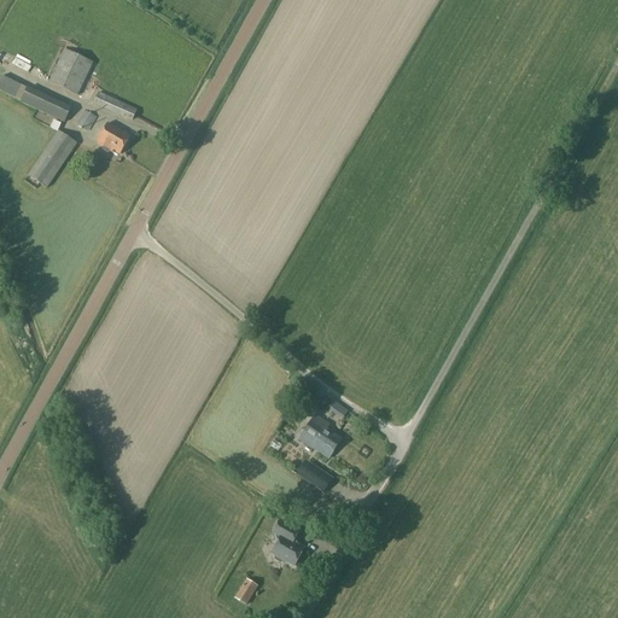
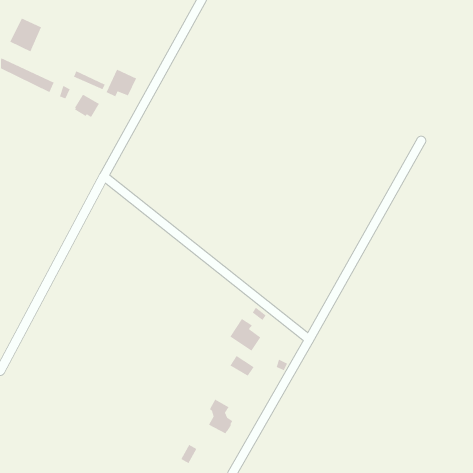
building: [49,49,92,94] -> [10,18,42,52]
building: none -> [106,69,137,97]
building: [28,130,77,188] -> none

